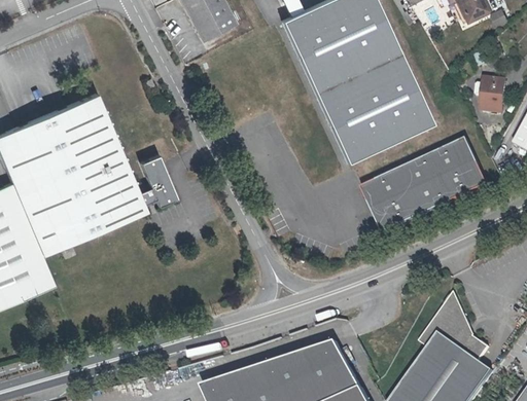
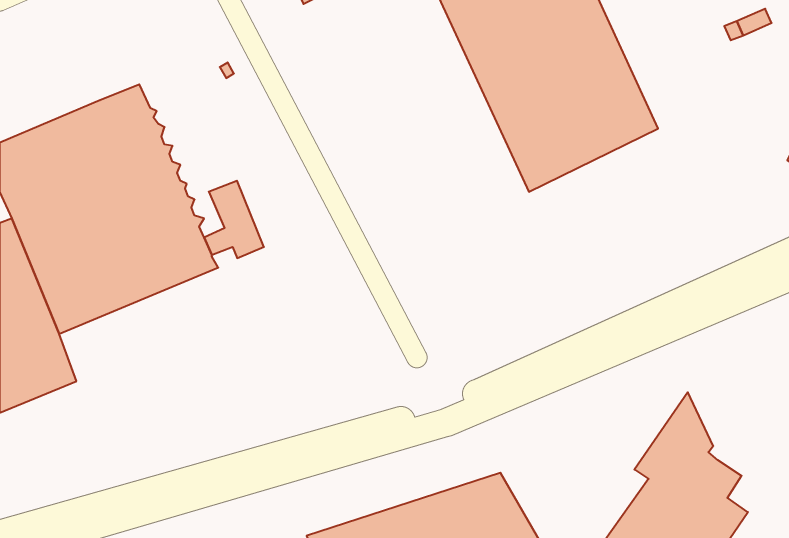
building: [480,78,510,113] -> none
building: [364,135,490,232] -> none

